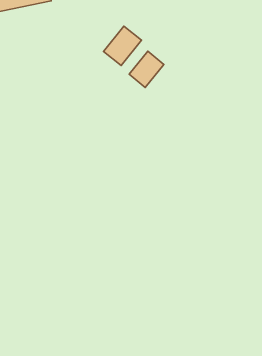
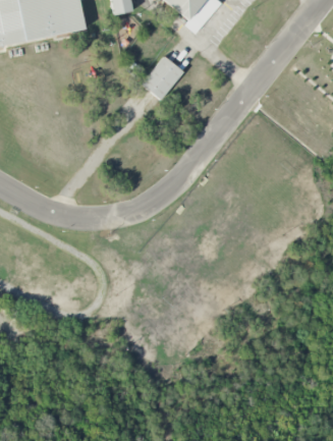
building: [129,51,164,88] -> none

